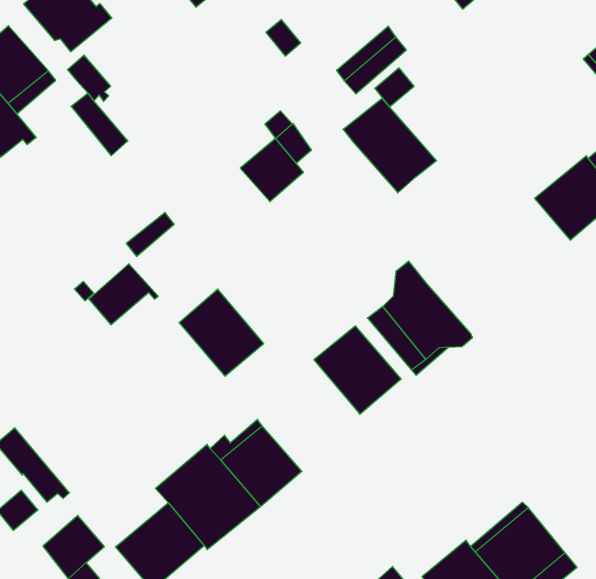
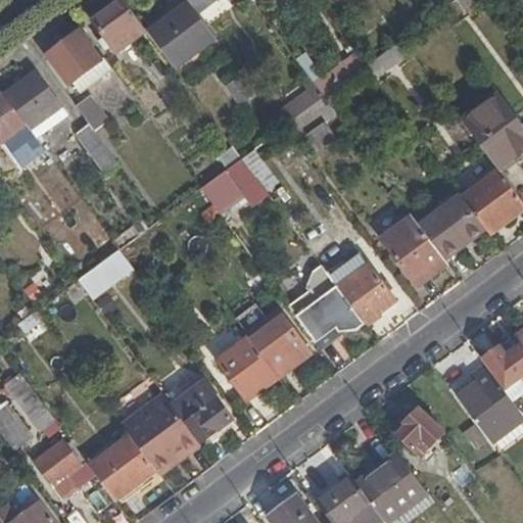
building: [343,98,437,193] -> [327,250,395,322]
building: none -> [382,216,447,286]
building: [179,289,264,376] -> [216,334,278,399]
building: none -> [396,408,442,456]

